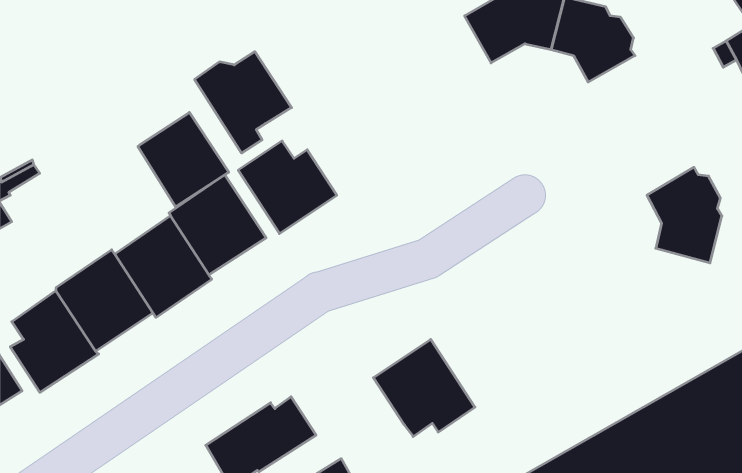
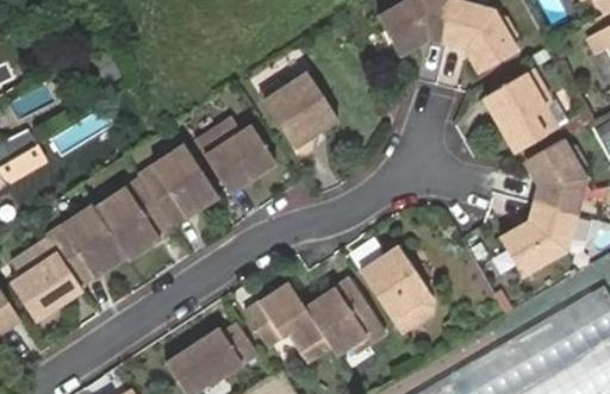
building: [195,52,292,153] -> [260,73,338,155]
building: none -> [485,69,559,152]
building: [138,112,229,207] -> none
building: none -> [500,204,577,276]
building: none -> [357,248,431,333]
building: none -> [244,283,329,362]

